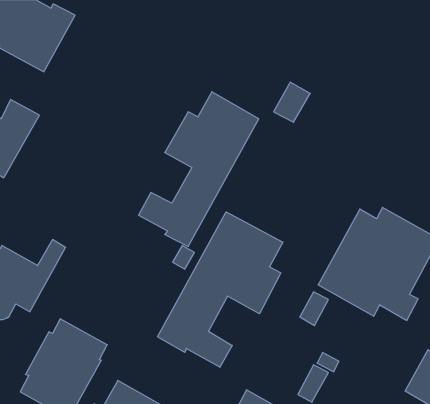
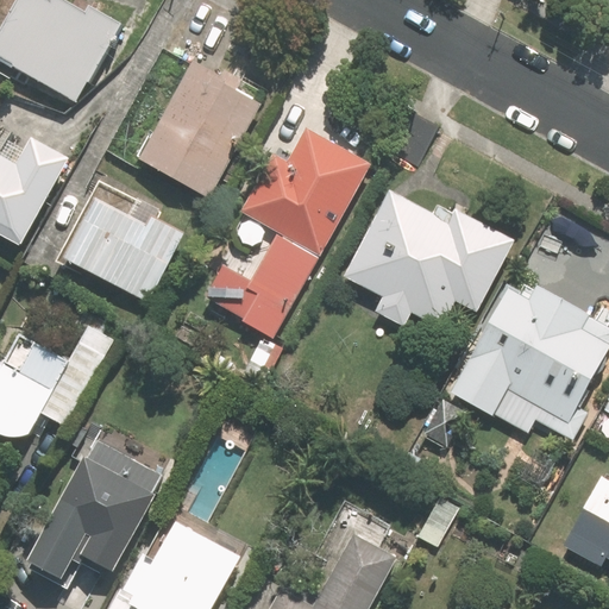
building: none -> [137,65,260,197]
building: none -> [55,181,181,301]
building: none -> [343,189,513,329]
building: [158,212,283,367] -> none

